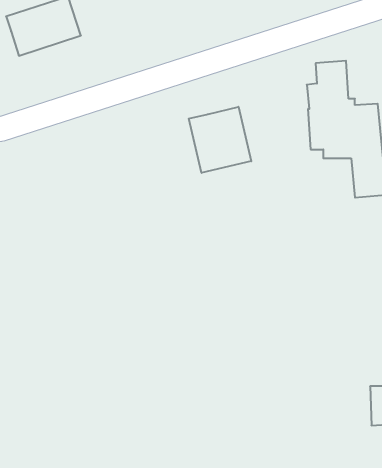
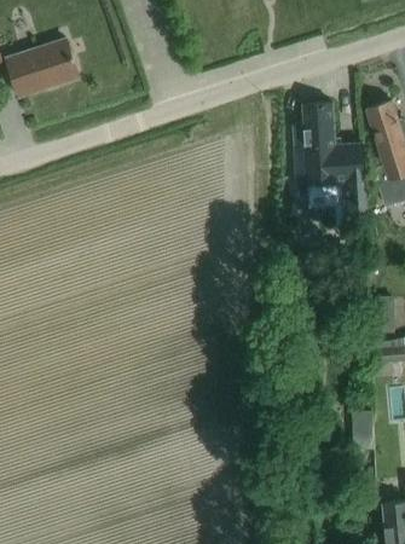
building: [189,107,251,173] -> none

